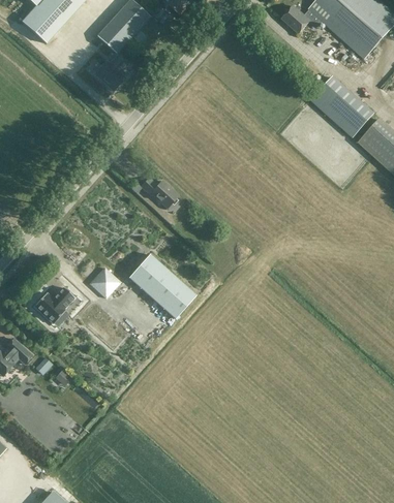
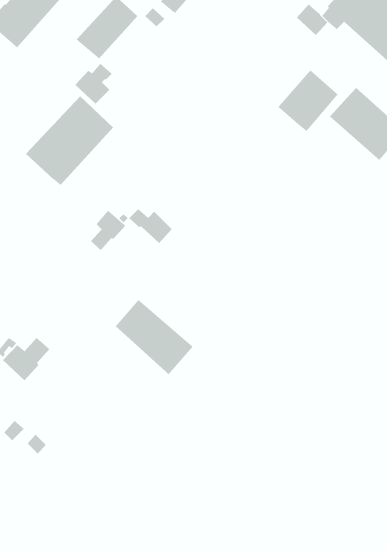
building: none -> [278,69,339,132]
building: none -> [25,96,114,186]
building: none -> [90,210,126,251]
building: [89,266,121,298] -> none

